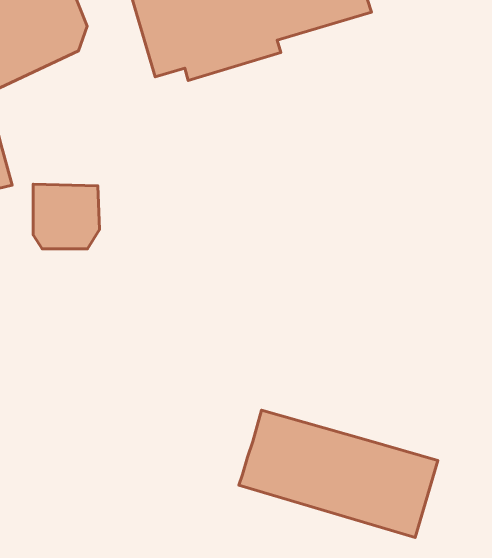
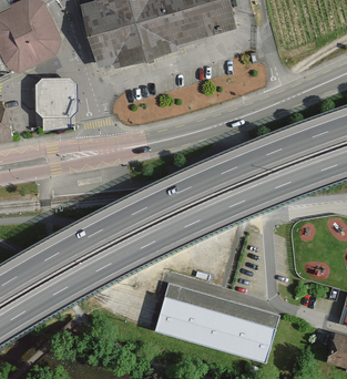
building: [33,184,100,249] -> [34,76,76,117]

